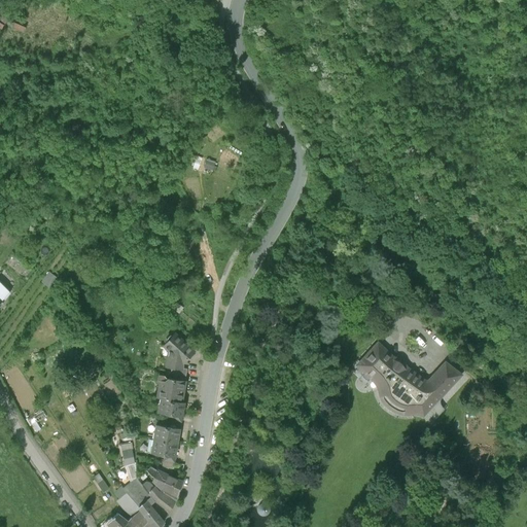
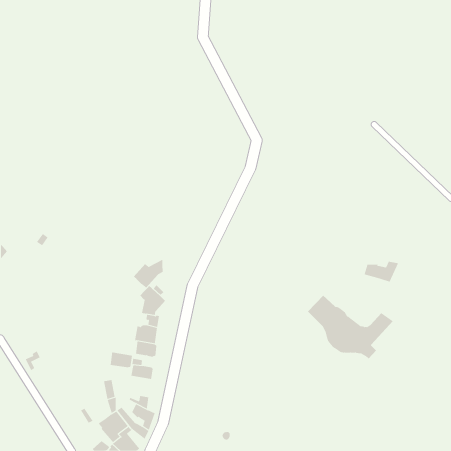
building: none -> [133,259,163,288]
building: none -> [364,261,399,283]
building: [150,438,177,457] -> [110,352,133,368]

